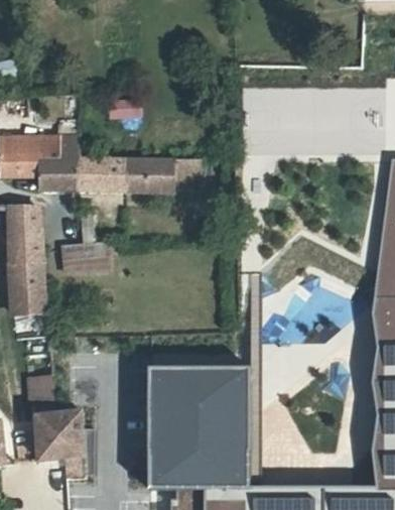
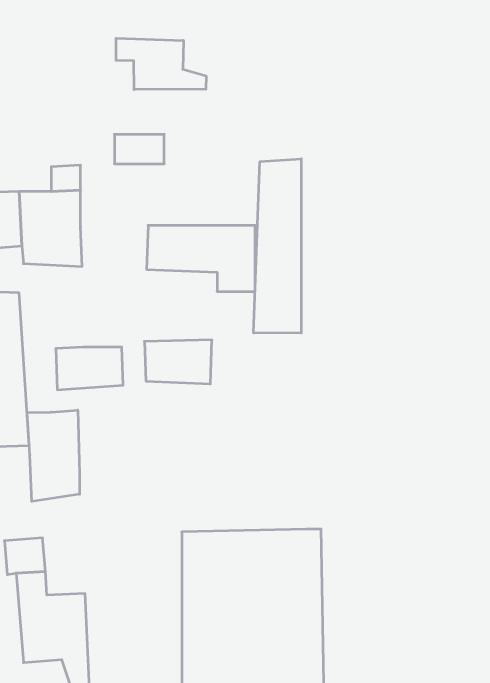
building: none -> [116,38,206,90]
building: none -> [254,159,301,333]
building: [80,160,126,190] -> [144,340,212,384]
building: none -> [27,410,80,501]

